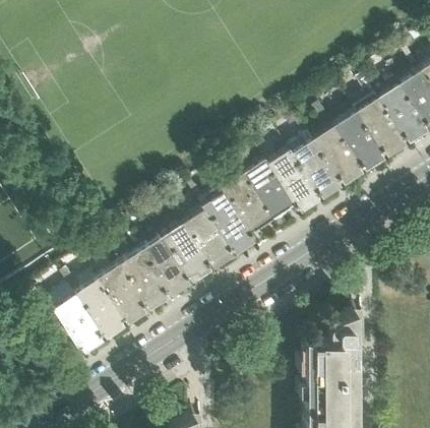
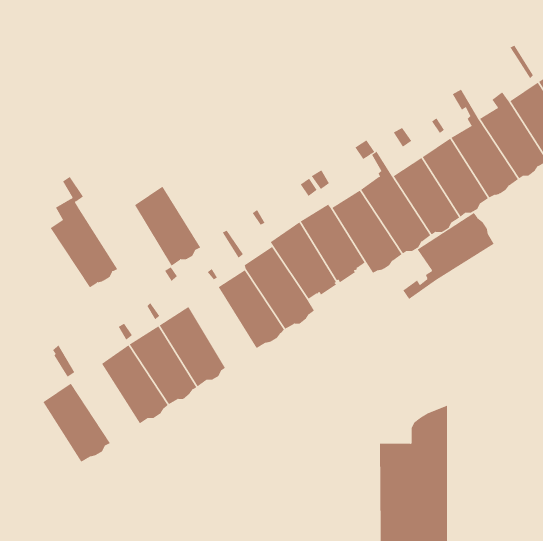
building: none -> [402,212,495,300]
building: [167,221,217,281] -> [134,186,201,267]
building: [79,253,130,337] -> [50,176,118,288]

